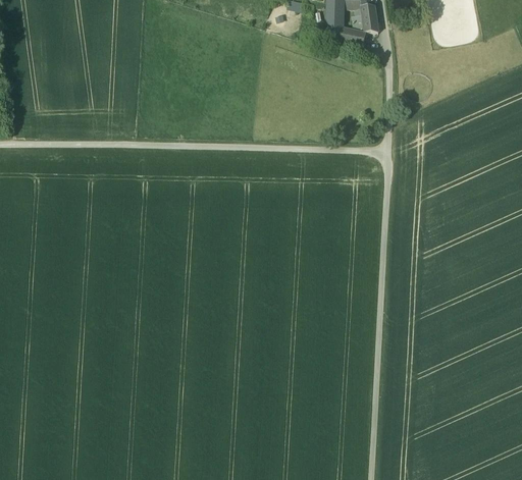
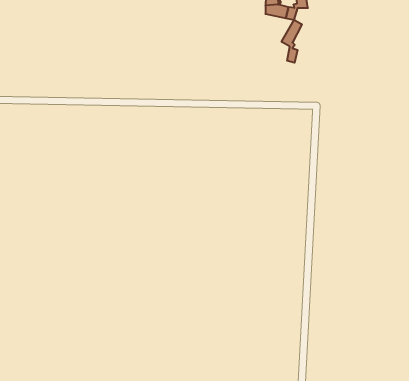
building: none -> [282,20,302,63]

